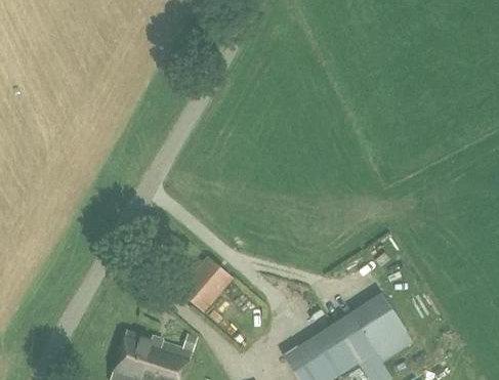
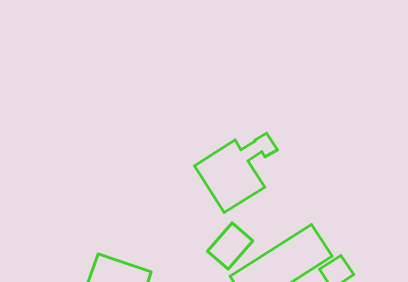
building: none -> [195,133,277,213]
building: [178,255,233,310] -> [207,223,253,269]

